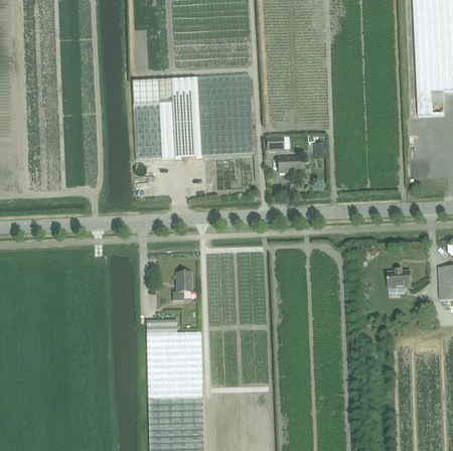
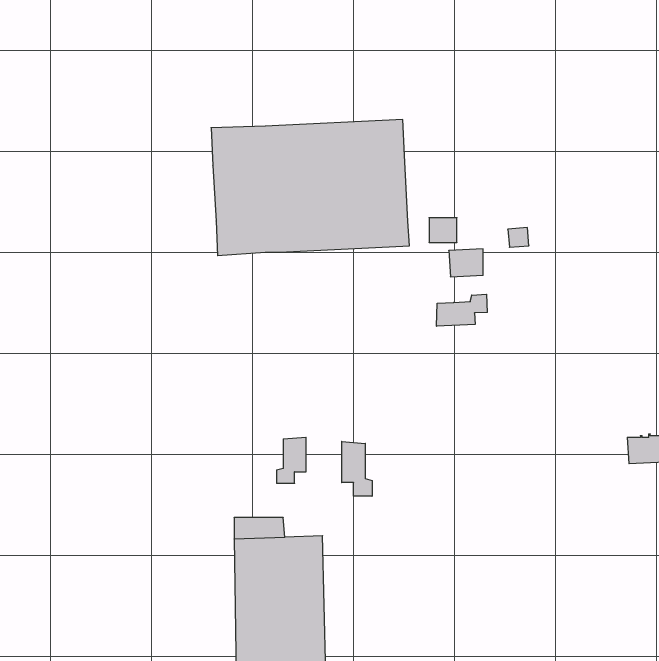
building: none -> [437,294,487,326]
building: none -> [342,441,372,496]

